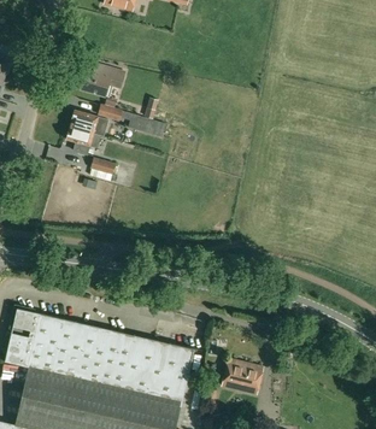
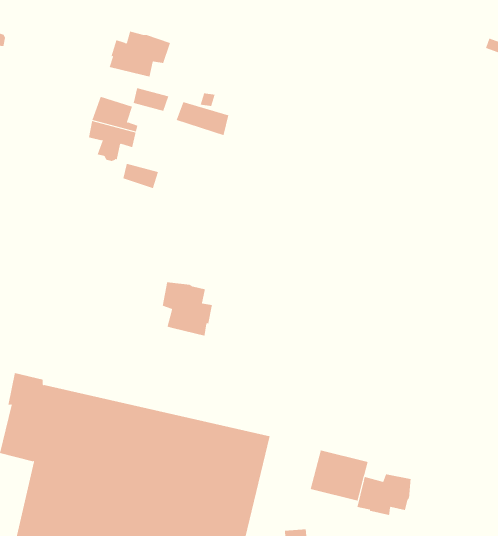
building: none -> [162,281,212,336]
building: none -> [357,474,411,516]

